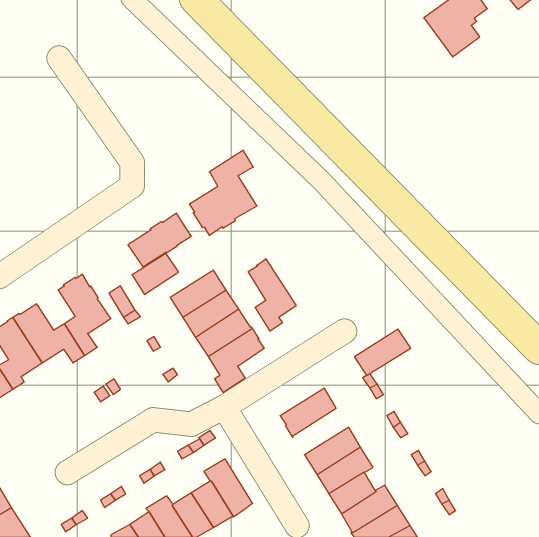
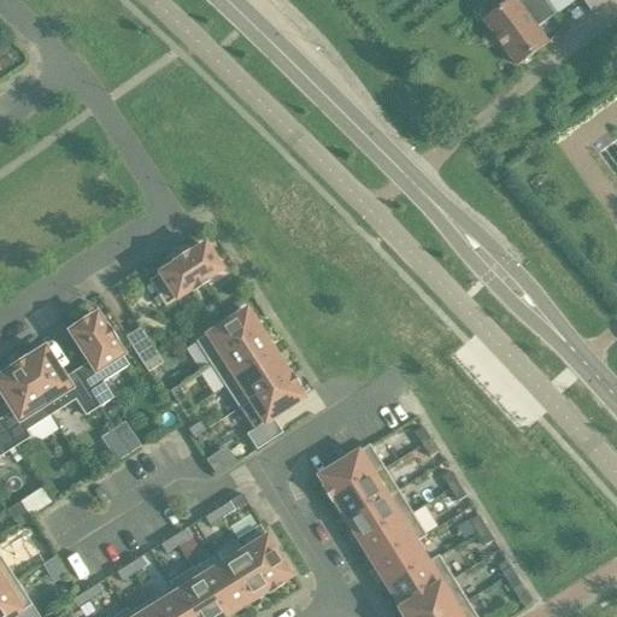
building: [190,150,257,236] -> none
building: [132,253,178,295] -> none
building: [248,259,296,331] -> none
building: [355,329,411,375] -> [334,466,398,519]

